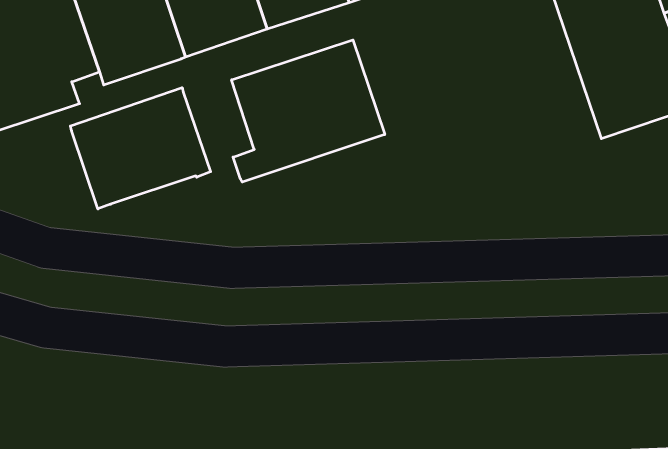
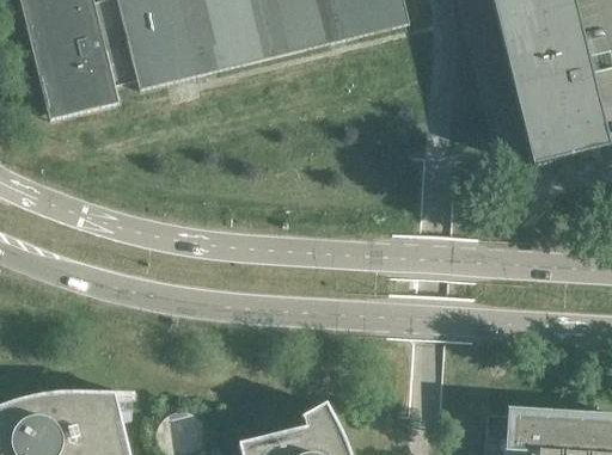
building: [232,40,385,182] -> none
building: [70,88,211,209] -> none

